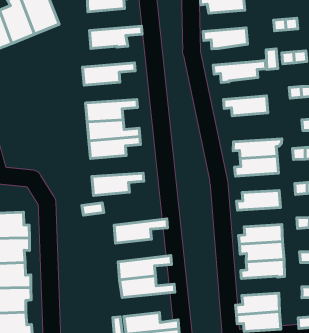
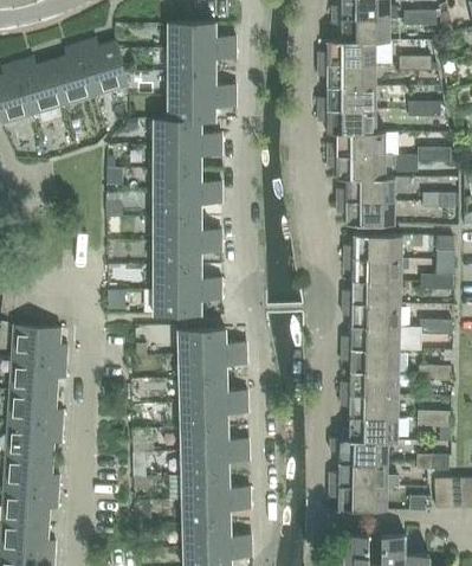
building: none -> [168,72,237,97]
building: none -> [317,88,374,111]
building: none -> [326,133,383,156]
building: none -> [155,120,224,144]
building: none -> [336,178,393,202]
building: none -> [155,168,222,193]
building: none -> [344,236,401,261]
building: none -> [155,265,222,290]
building: none -> [342,304,400,328]
building: none -> [177,328,248,355]
building: none -> [342,349,399,373]
building: none -> [179,378,250,404]
building: none -> [330,438,387,463]
building: none -> [181,450,251,476]

